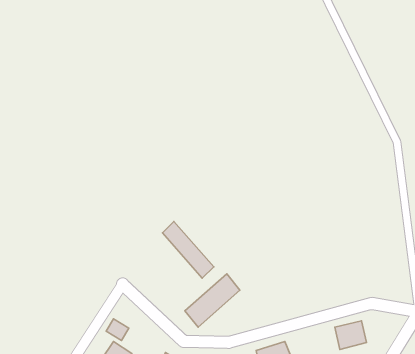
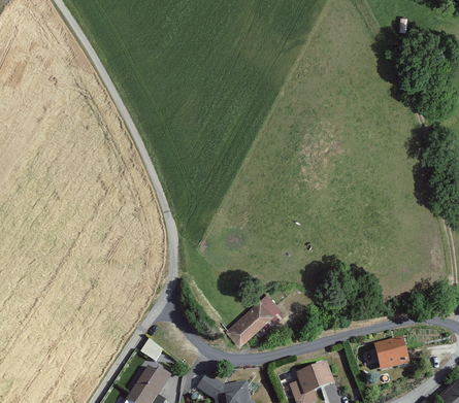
building: [162,222,214,278] -> none

